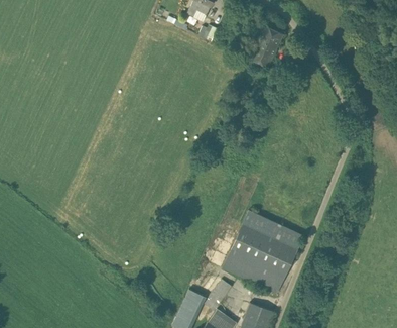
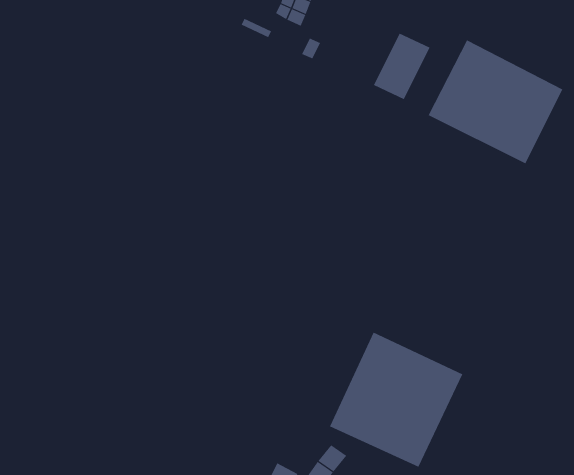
building: none -> [428,39,563,164]

